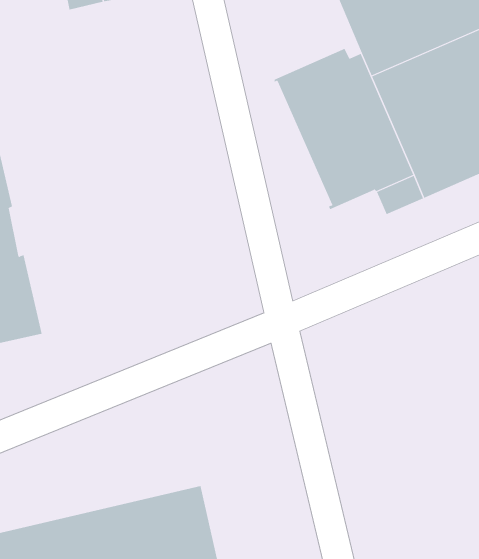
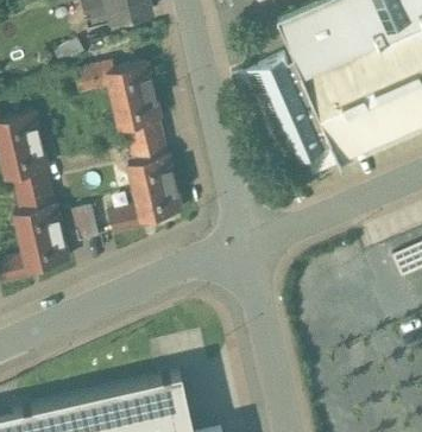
building: none -> [75,63,181,235]
building: none -> [70,205,99,242]

